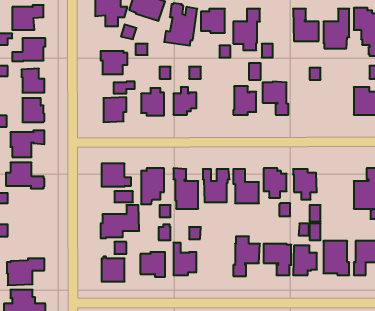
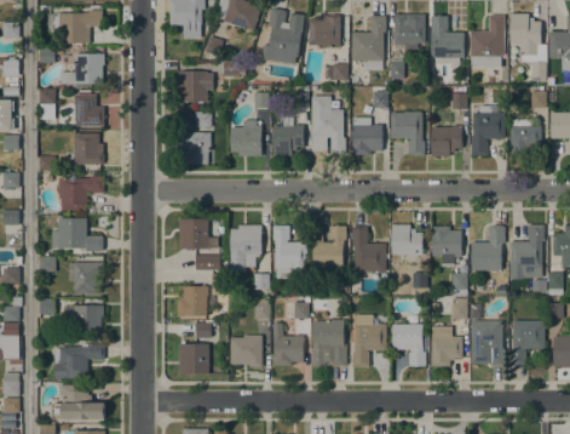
building: none -> [393,13,425,52]
building: none -> [311,95,345,153]
building: none -> [470,105,505,155]
building: none -> [431,125,461,155]
building: none -> [471,224,503,270]
building: none -> [74,262,103,293]
building: none -> [73,304,103,335]
building: none -> [312,320,346,365]

